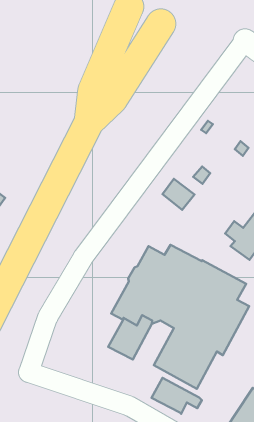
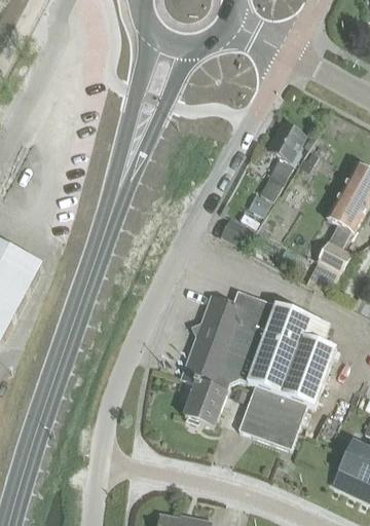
building: none -> [260,120,305,199]
building: [151,378,202,414] -> none

